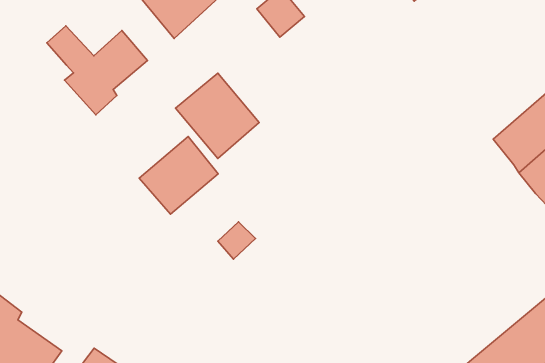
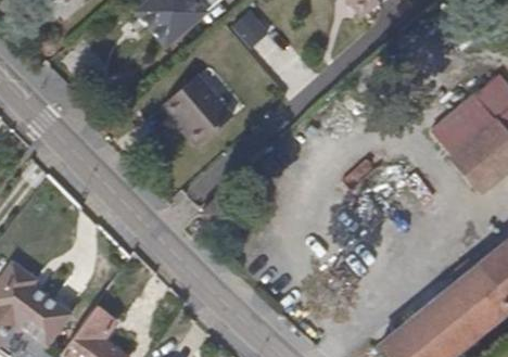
building: [47,26,147,115] -> none
building: [139,137,218,214] -> none

